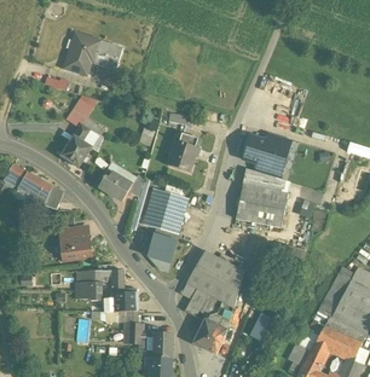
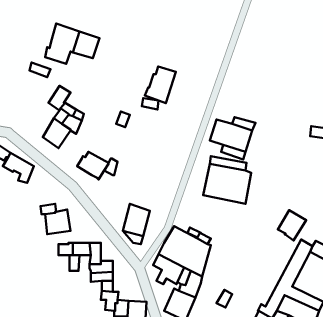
building: [166,133,200,173] -> [145,66,176,103]
building: [141,187,187,234] -> none
building: none -> [278,210,306,240]

